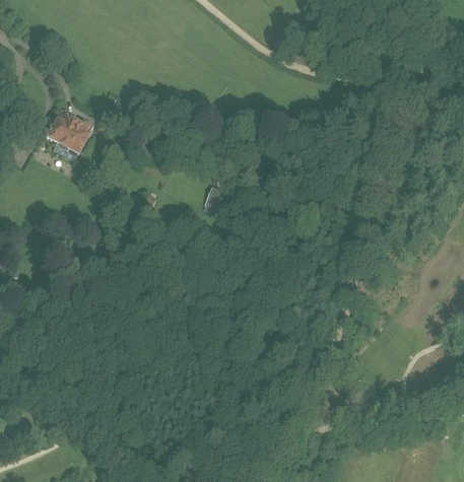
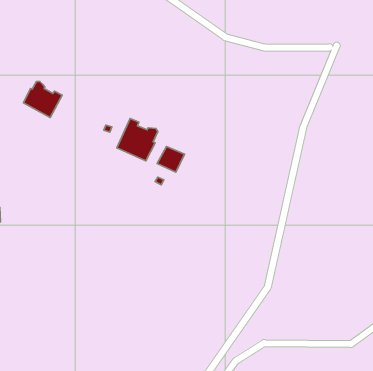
building: none -> [117,119,158,161]

